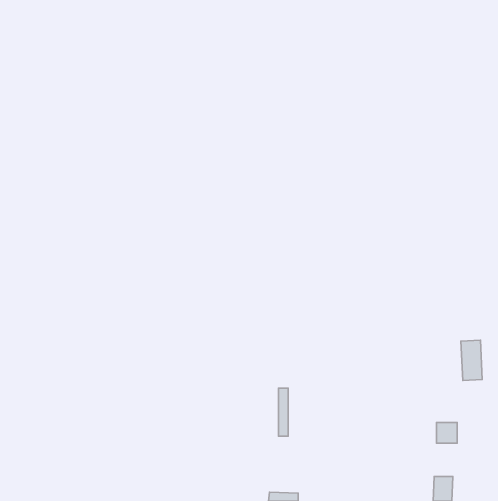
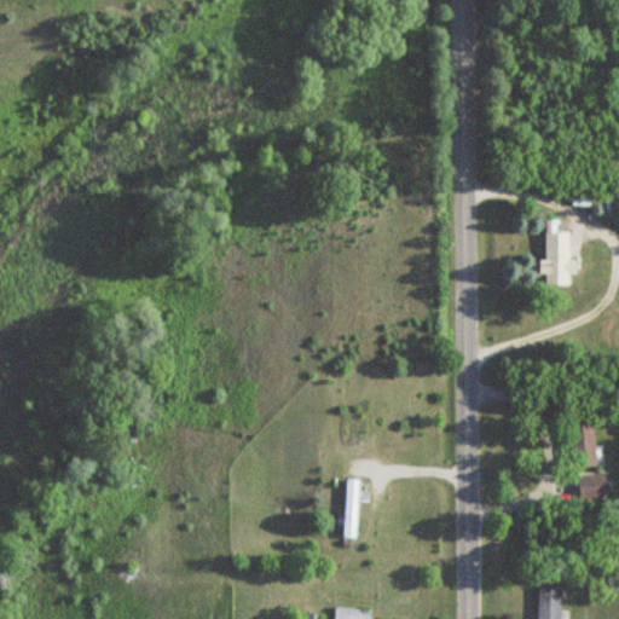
building: none -> [549,231,578,283]
building: [437,423,457,443] -> [580,475,606,501]

